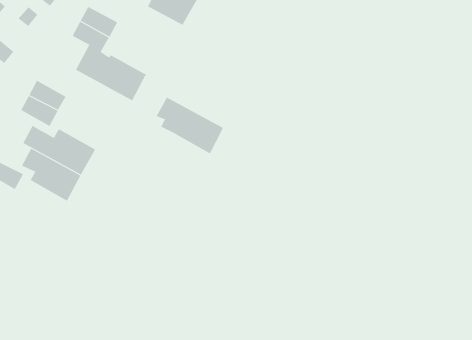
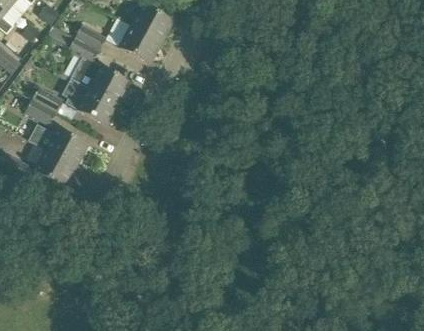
building: none -> [117,24,160,63]
building: [156,97,224,154] -> [61,77,118,125]

